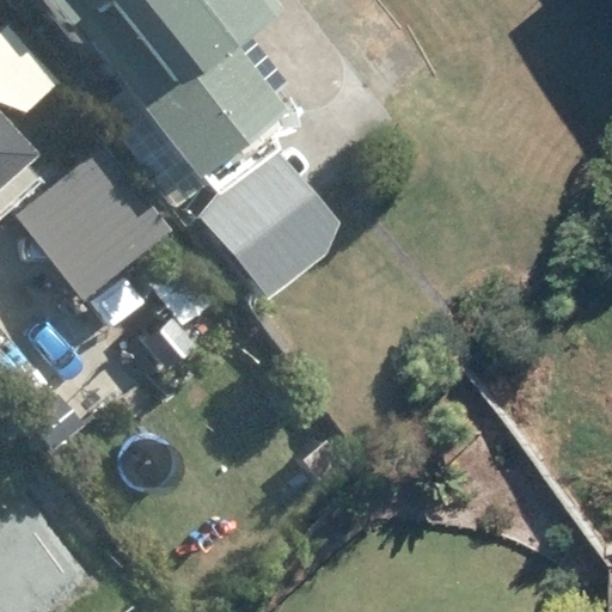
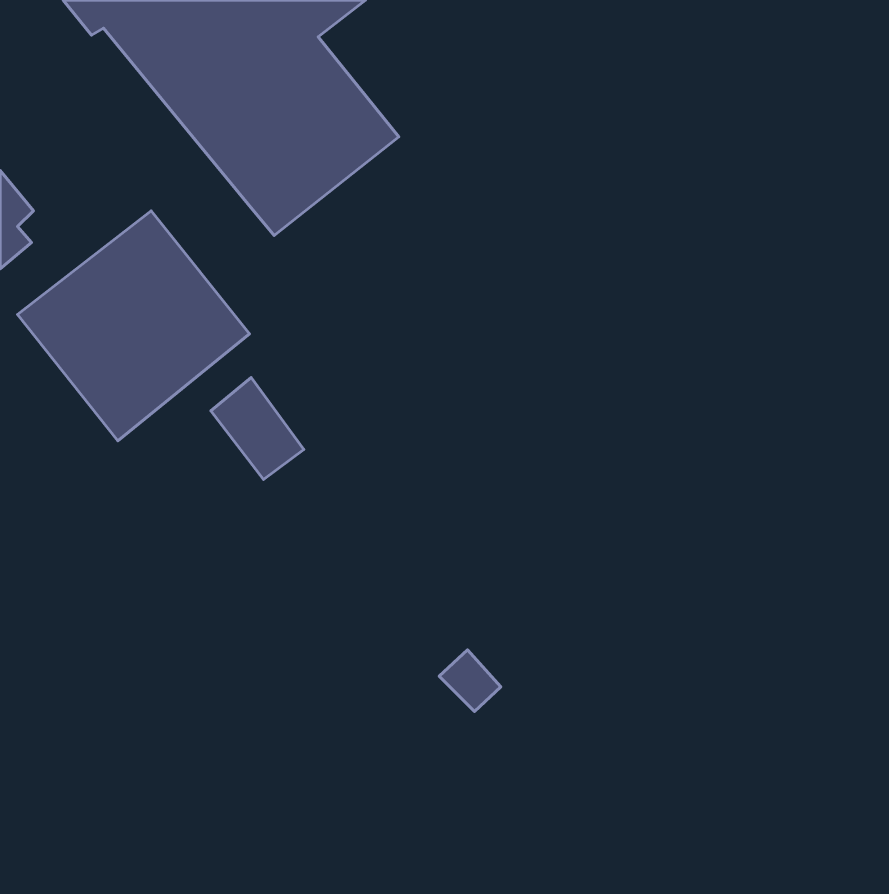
building: [195,148,330,293] -> none

